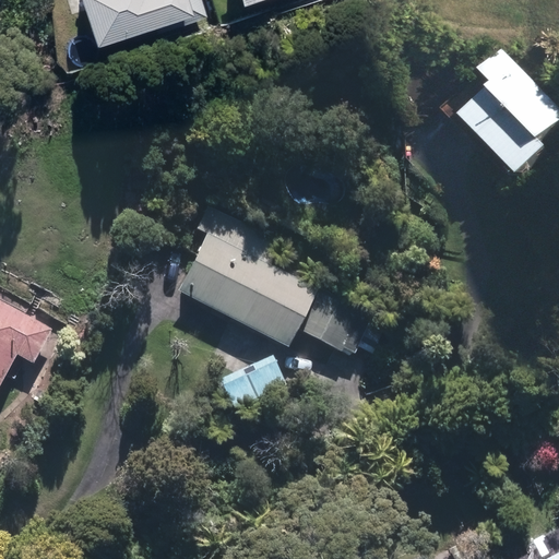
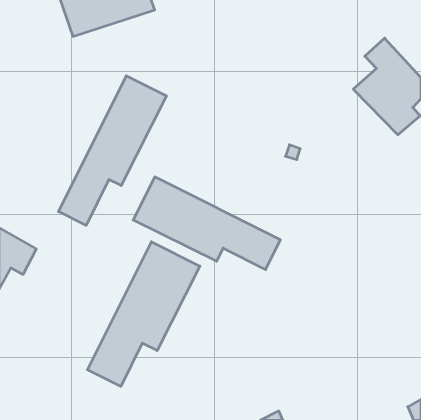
building: none -> [58,76,166,225]
building: none -> [87,242,200,386]

